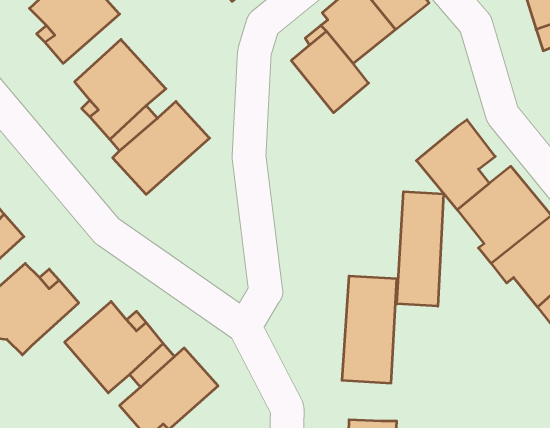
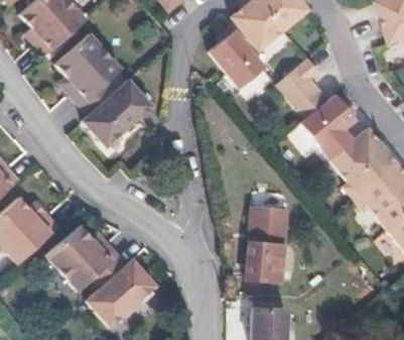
building: none -> [277,60,328,119]
building: [397,192,443,306] -> none

